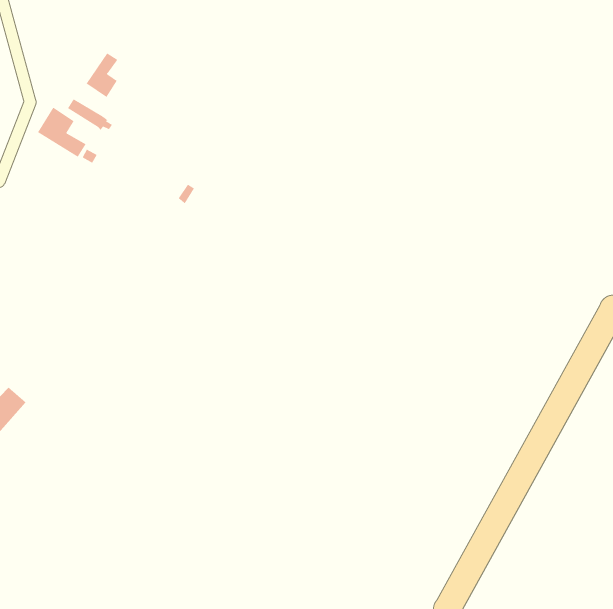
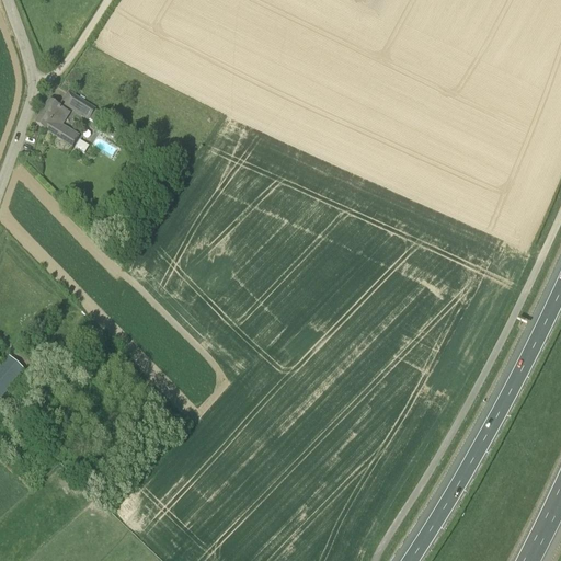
building: [86,52,118,98] -> none

